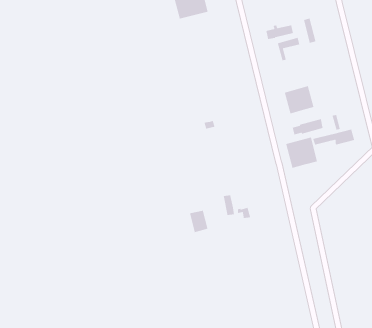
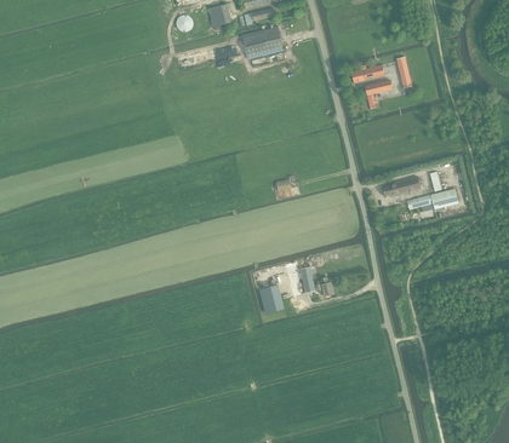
building: [284,85,314,114] -> none
building: [285,136,318,169] -> none

